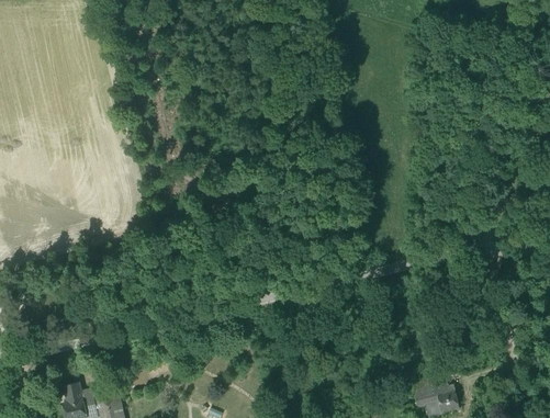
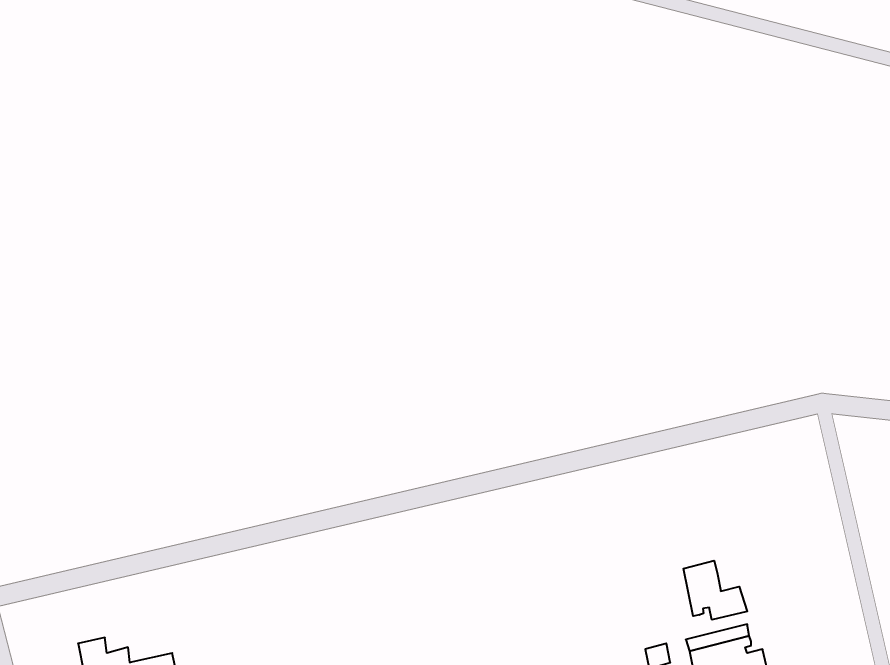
building: none -> [683,561,747,620]

